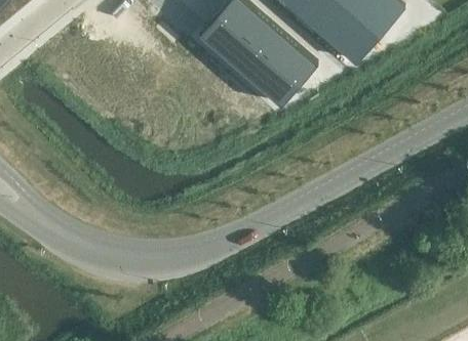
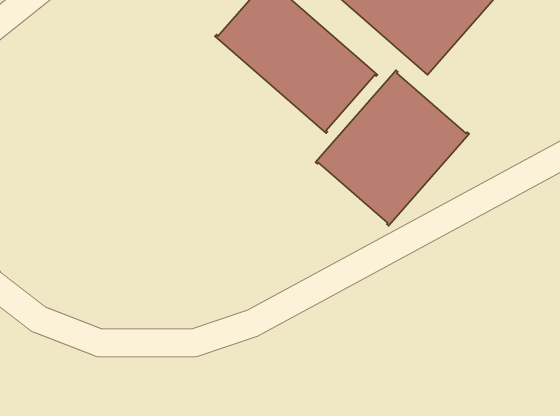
building: none -> [315,70,469,226]

